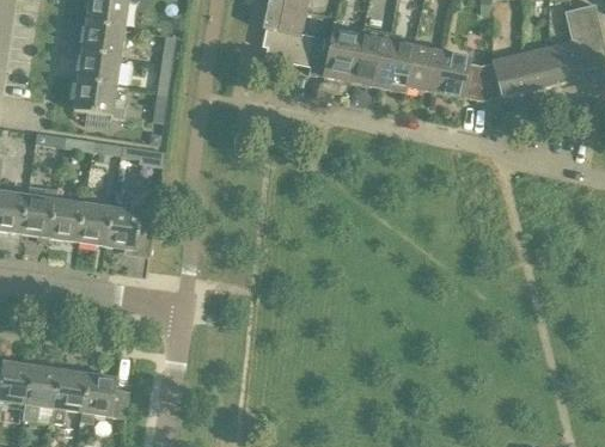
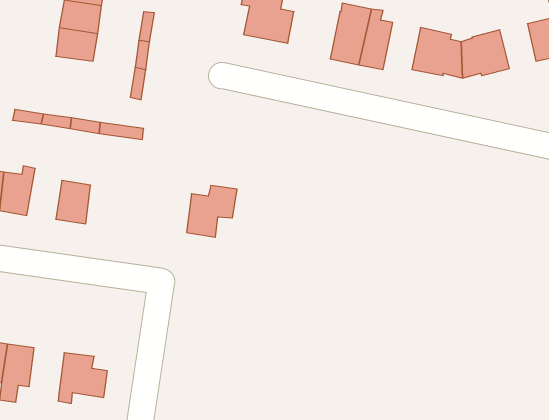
building: [308,29,360,81] -> none
building: [403,45,440,92] -> none
building: [519,47,555,91] -> none
building: [73,79,124,127] -> none
building: [49,188,84,240] -> none
building: [108,198,158,250] -> [187,185,237,237]
building: [49,368,86,424] -> none

